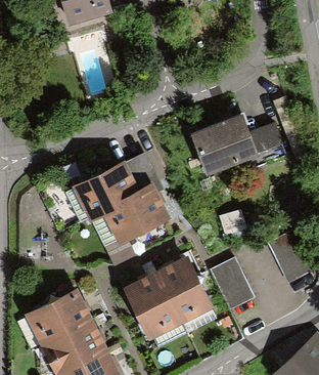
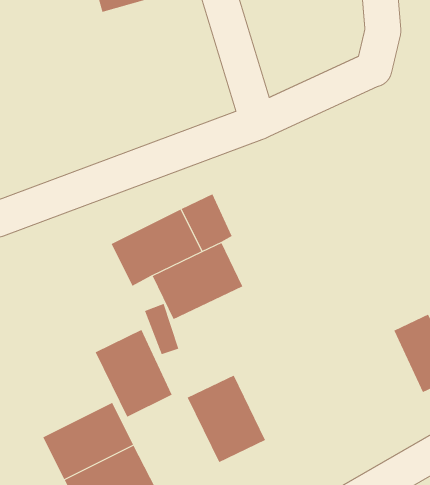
building: [192,116,279,174] -> none
building: [160,258,212,318] -> [95,329,172,418]
building: [212,258,253,307] -> none

